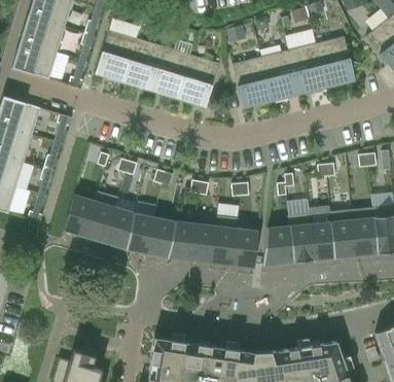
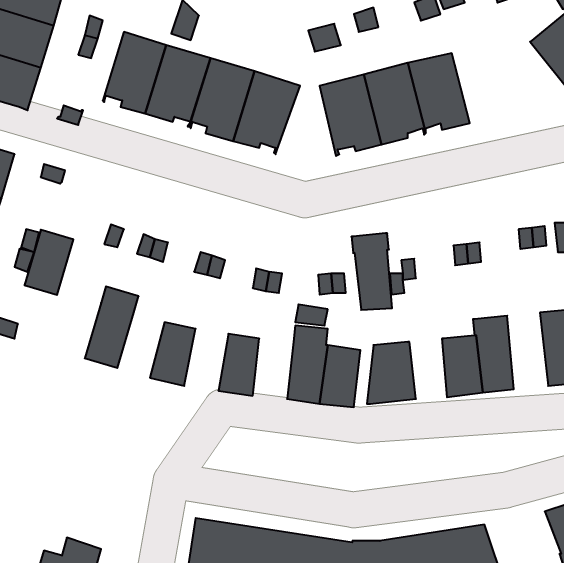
building: [317,37,356,89] -> none
building: [65,196,96,237] -> [24,230,73,295]
building: [106,208,136,249] -> none
building: [352,208,378,256] -> none
building: [288,214,314,263] -> [351,233,392,310]
building: [148,218,176,258] -> none
building: [191,224,217,263] -> none

